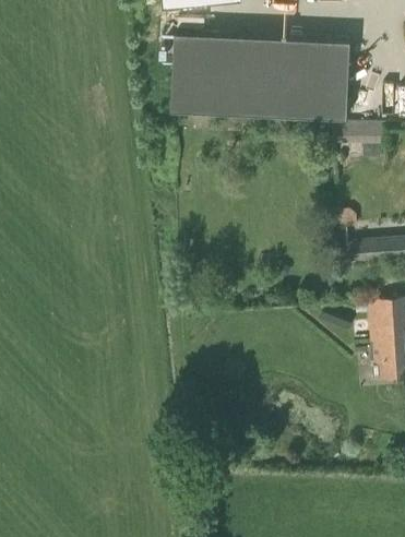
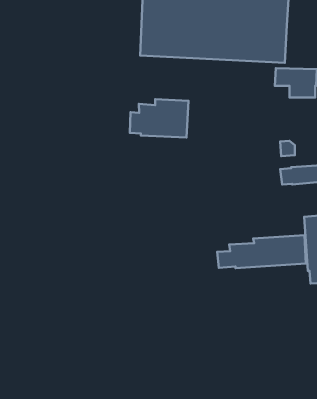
building: none -> [130,99,188,137]
building: none -> [217,235,306,268]

